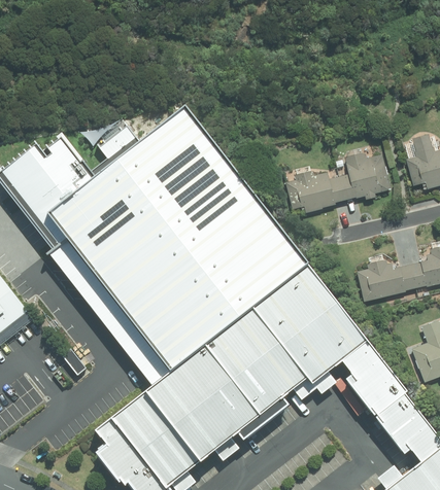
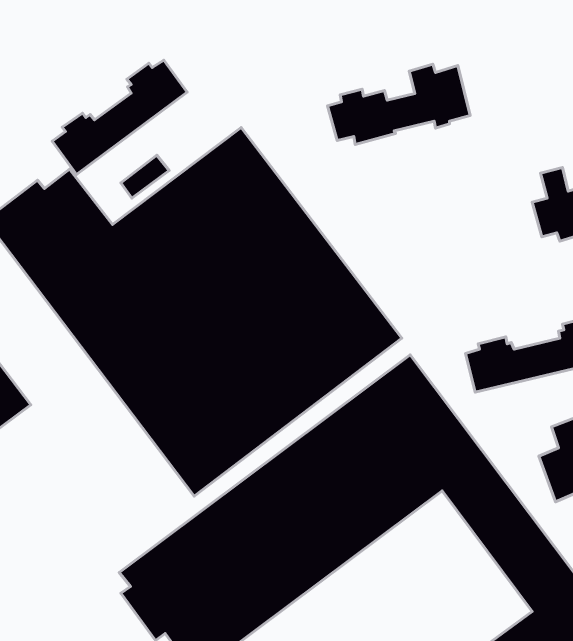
building: none -> [52,60,187,174]
building: [283,152,390,212] -> [328,64,470,145]

